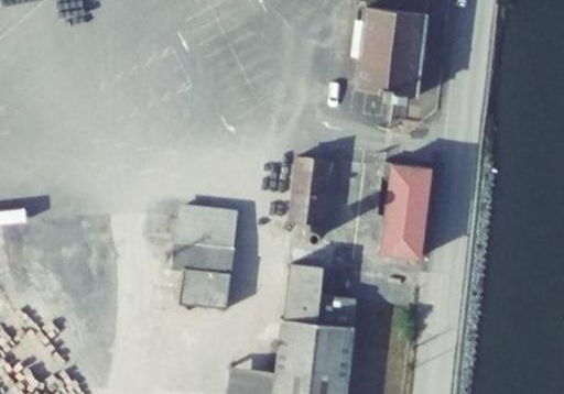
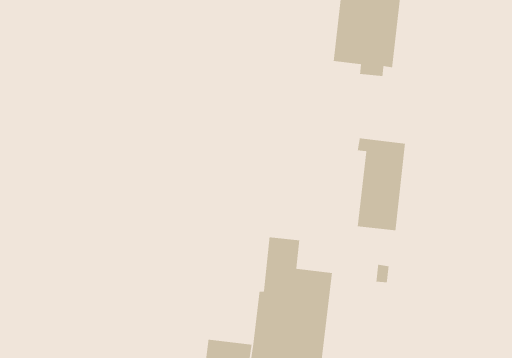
building: [290,156,329,222] -> none
building: [154,204,238,308] -> none

